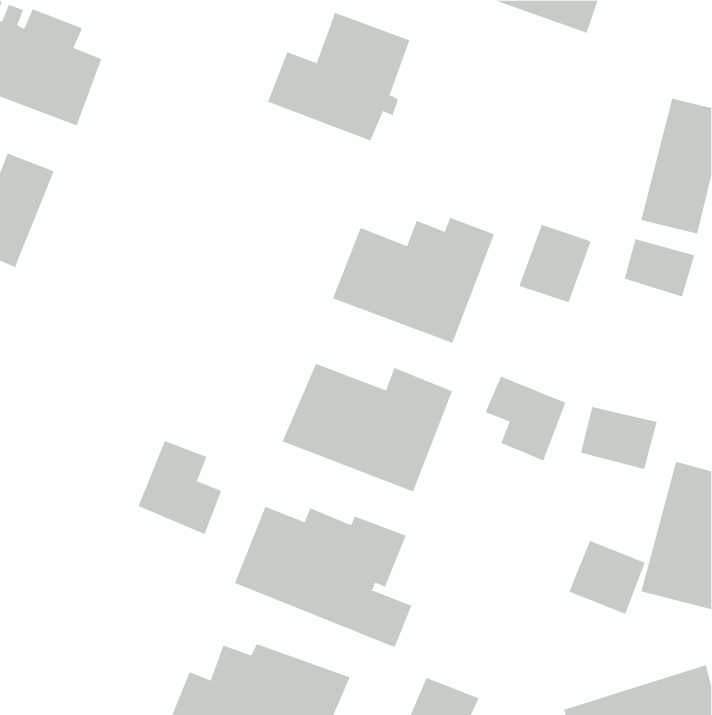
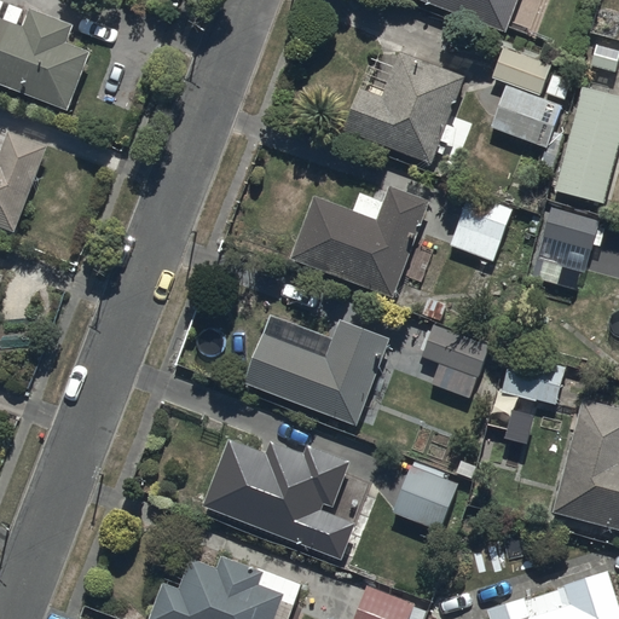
building: [267,12,410,141] -> [340,53,463,164]
building: none -> [486,45,567,147]
building: [138,440,222,535] -> none
building: [568,540,645,614] -> [392,467,458,531]

